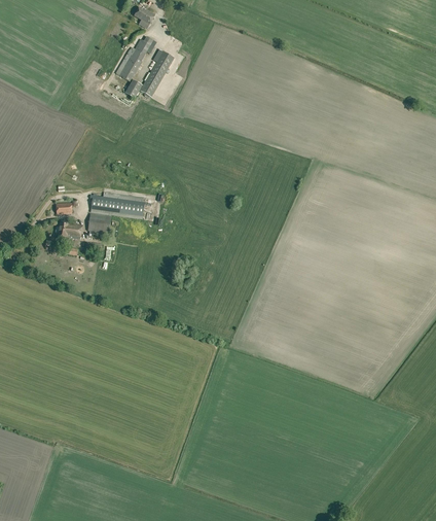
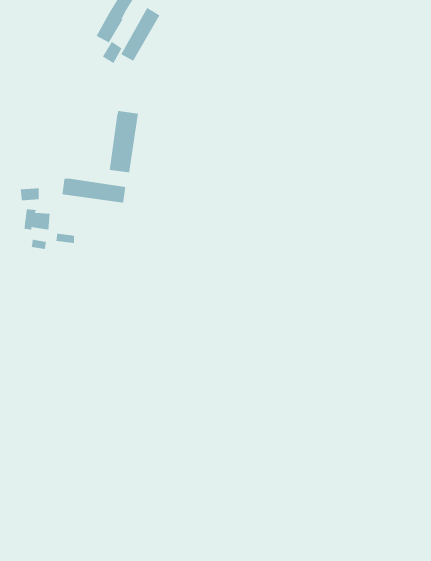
building: none -> [109,110,139,173]
building: [87,212,111,236] -> none

